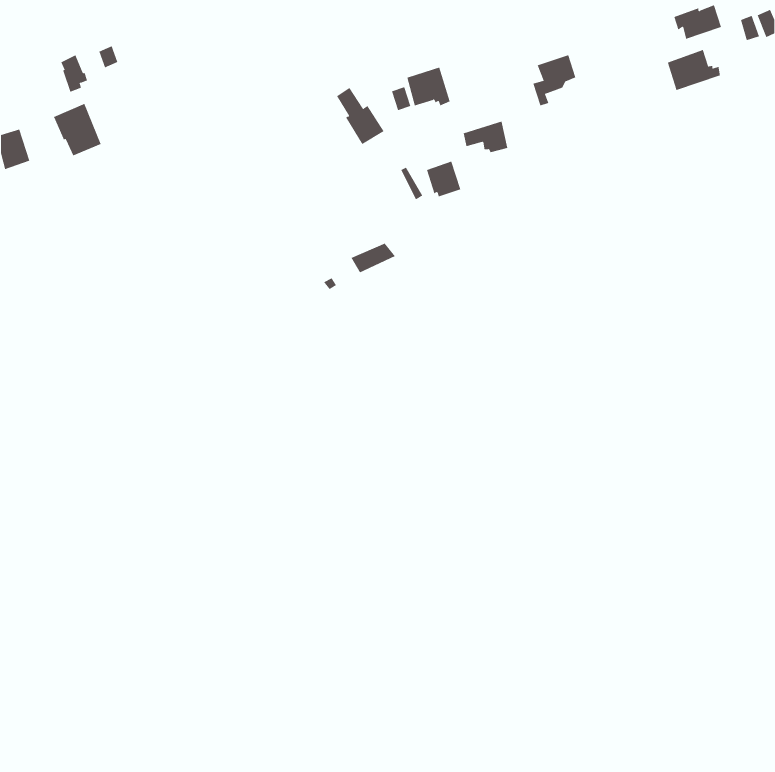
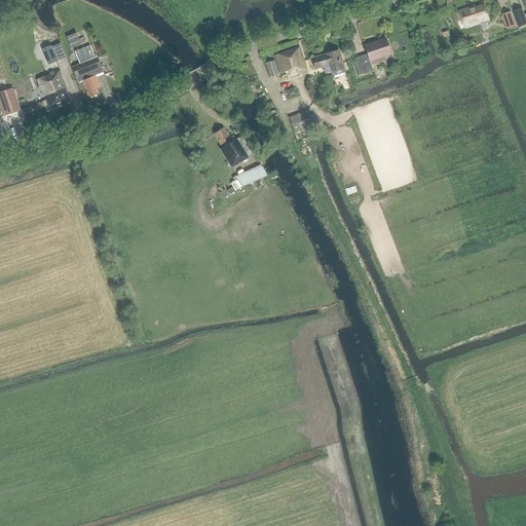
building: [667,49,720,91] -> none
building: none -> [72,44,101,96]
building: [336,87,385,145] -> [214,126,247,165]
building: [463,121,508,153] -> [312,49,343,71]

